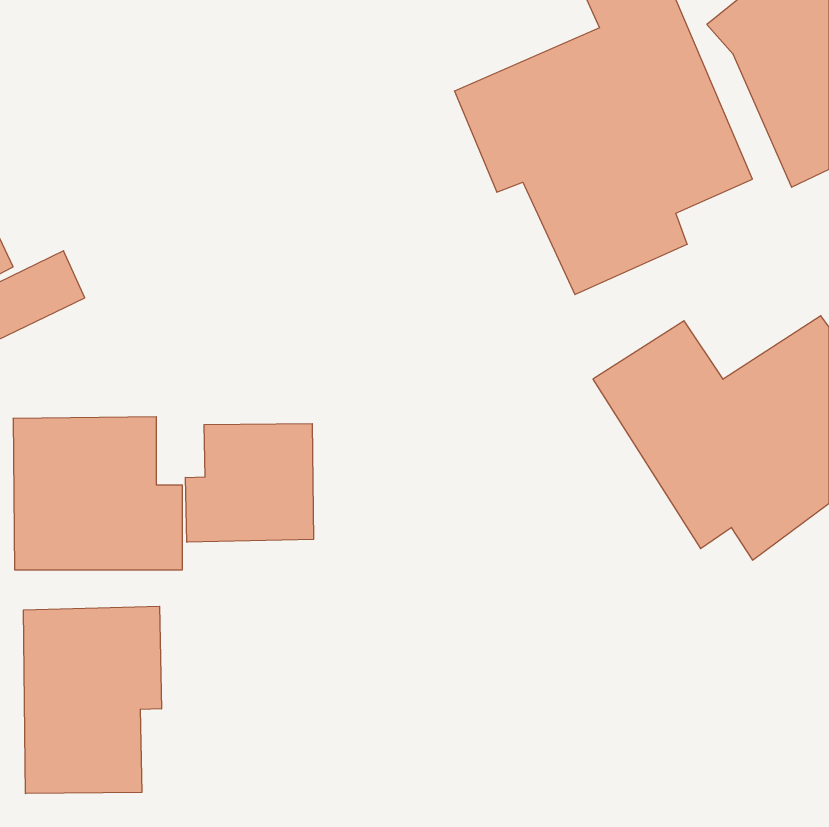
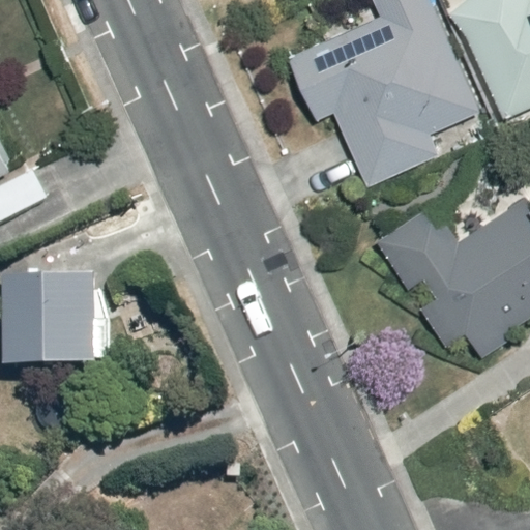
building: [185,424,314,542] -> none
building: [24,606,161,794] -> none

